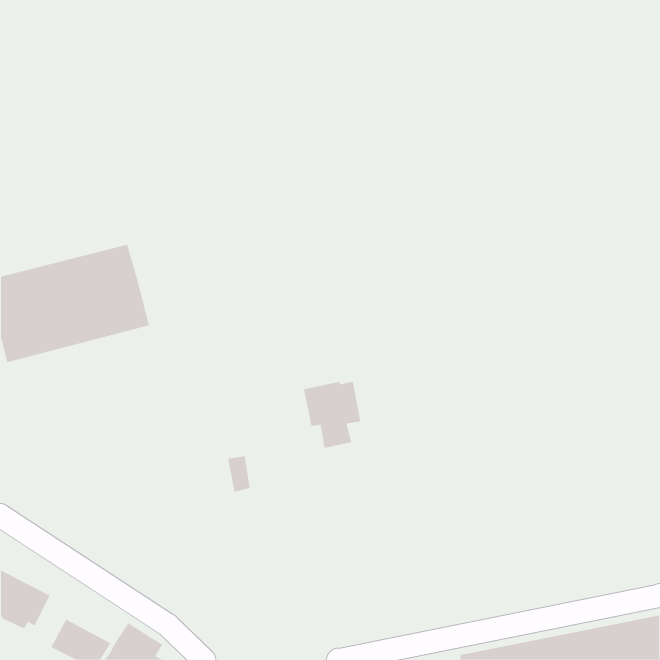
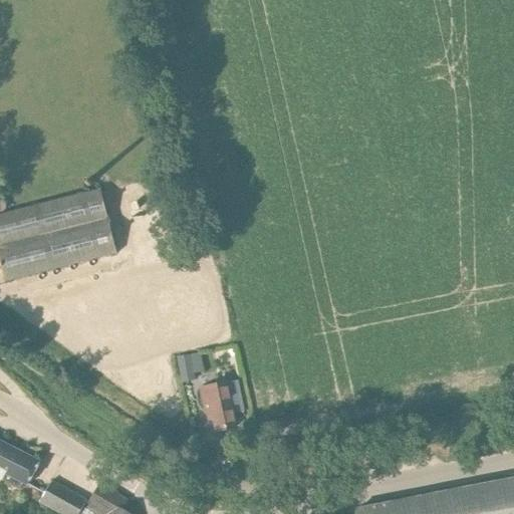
building: [303,381,361,448] -> [199,380,244,433]

